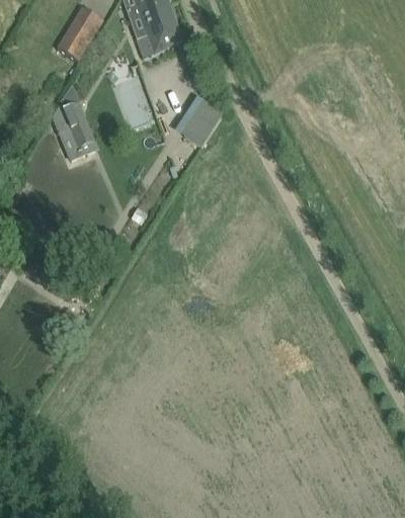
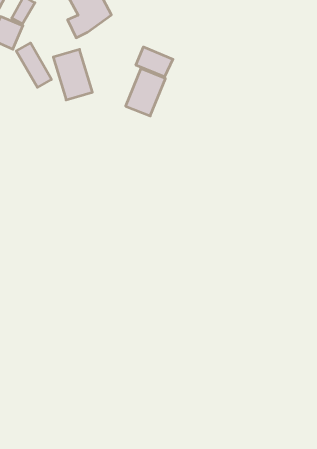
building: none -> [136,47,173,77]
building: [59,99,90,145] -> [16,43,51,87]

